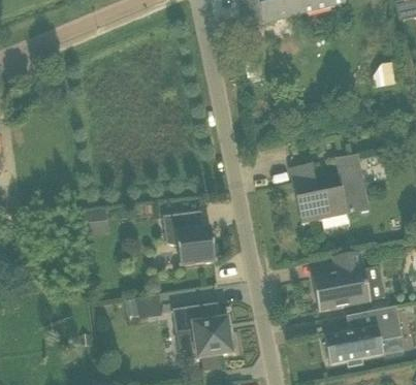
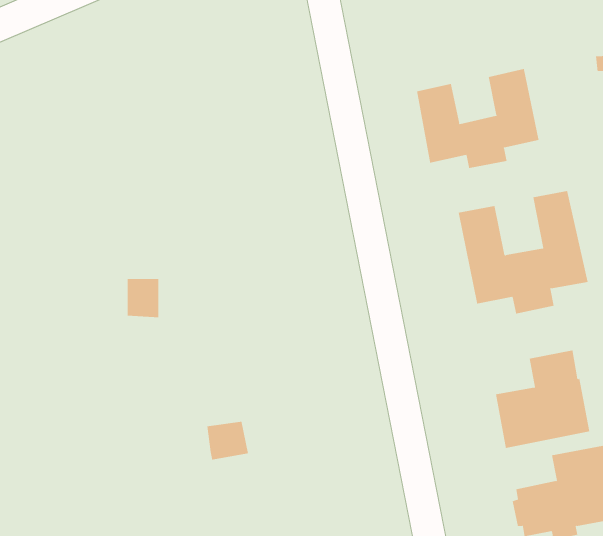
building: none -> [417,68,539,169]
building: [162,211,218,265] -> none
building: [172,301,234,356] -> none

